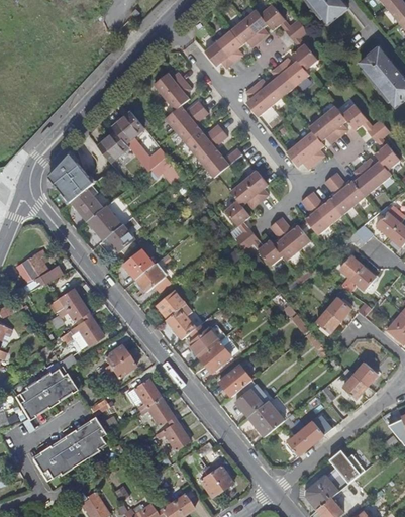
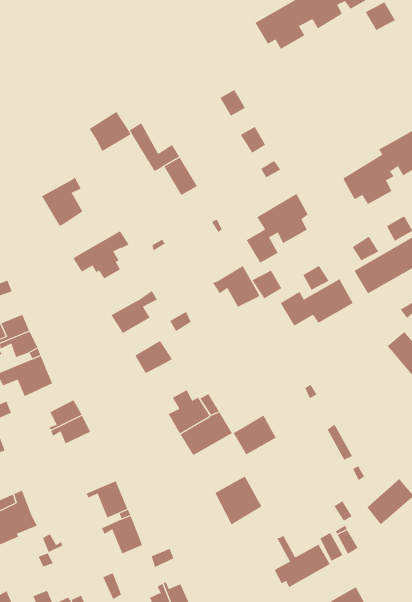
building: [246,43,316,116] -> none
building: [154,73,228,177] -> none
building: [112,111,143,143] -> none
building: [48,147,94,203] -> none
building: [89,207,121,240] -> none
building: none -> [213,265,260,307]
building: [123,249,155,280] -> none
building: [317,298,351,334] -> none
building: [167,305,195,339] -> none
building: [220,365,252,396] -> [233,415,277,455]
building: [125,379,160,412] -> none
building: [248,400,285,436] -> none

